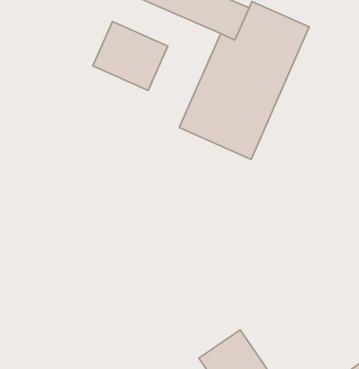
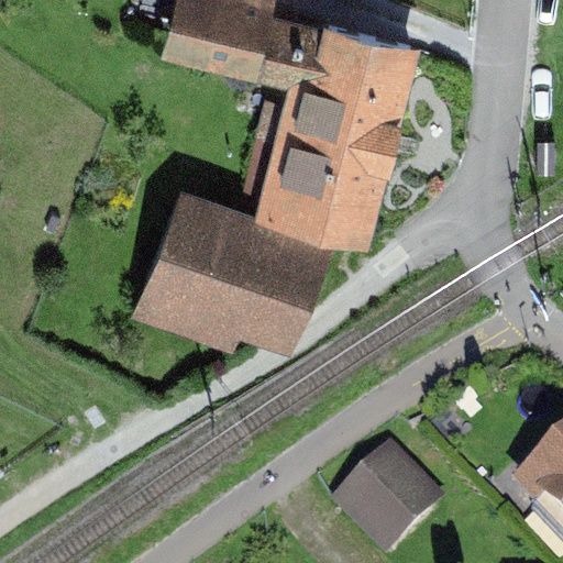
building: [93,22,168,90] -> none
building: none -> [148,194,321,336]

